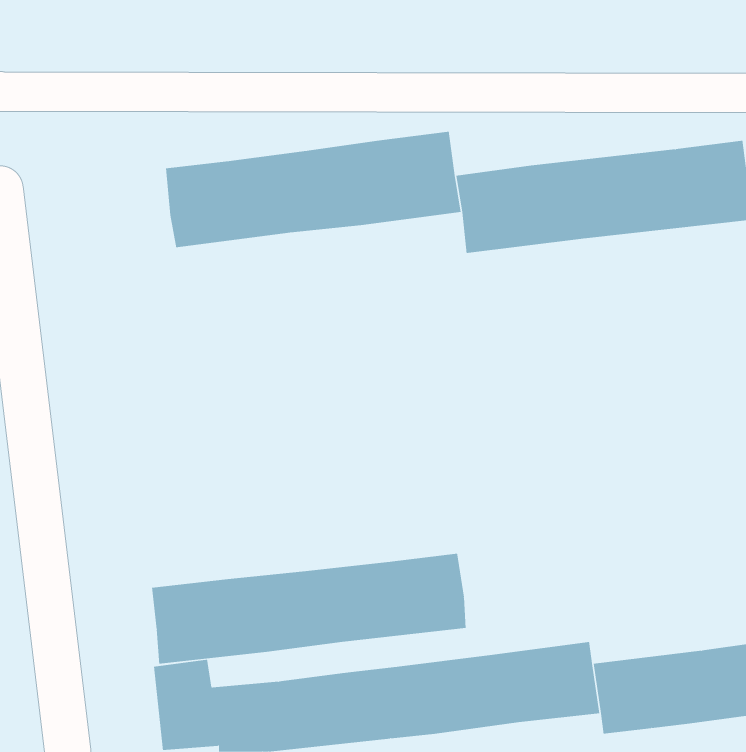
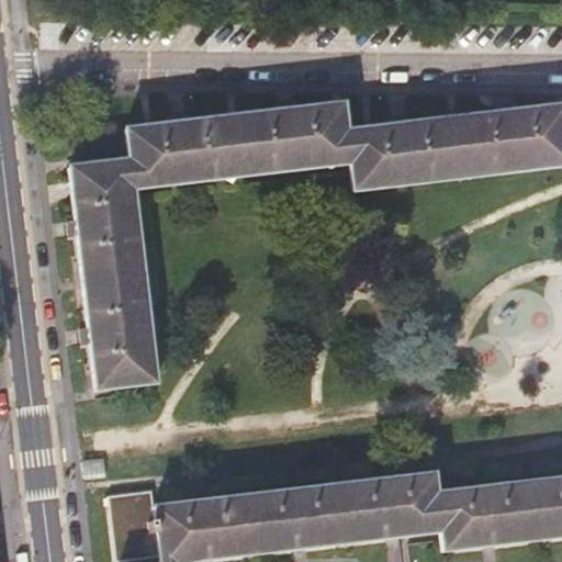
building: none -> [72,160,157,384]
building: [152,553,466,664] -> none

